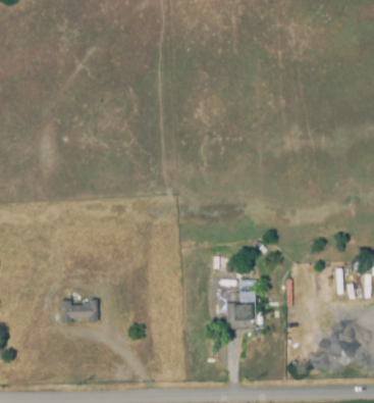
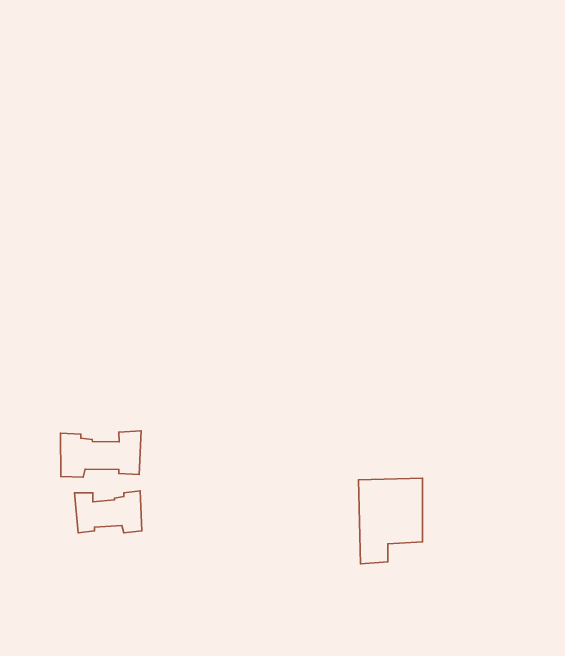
building: none -> [61,431,141,477]

